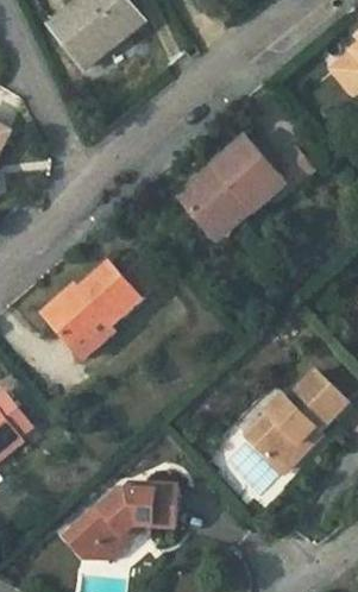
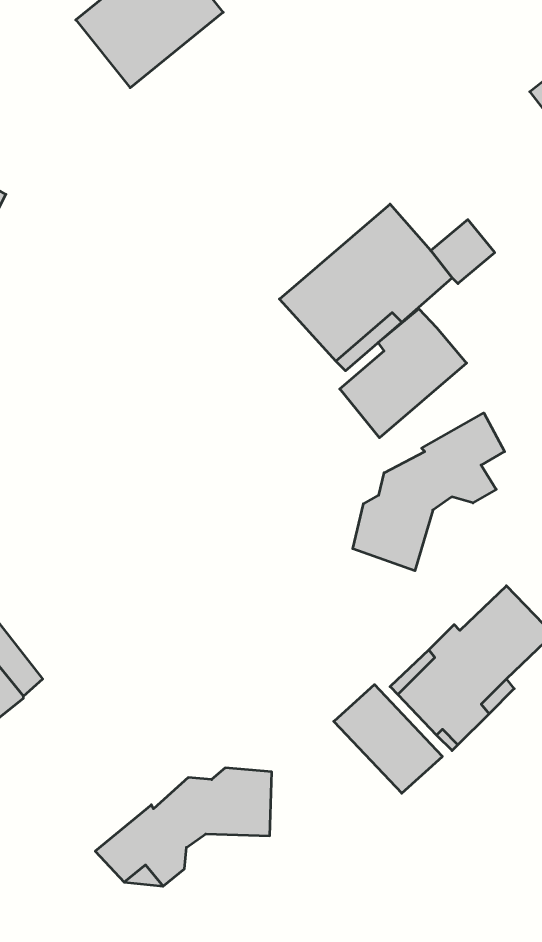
building: none -> [340,309,467,438]
building: [40,258,153,351] -> none
building: none -> [353,413,505,571]

